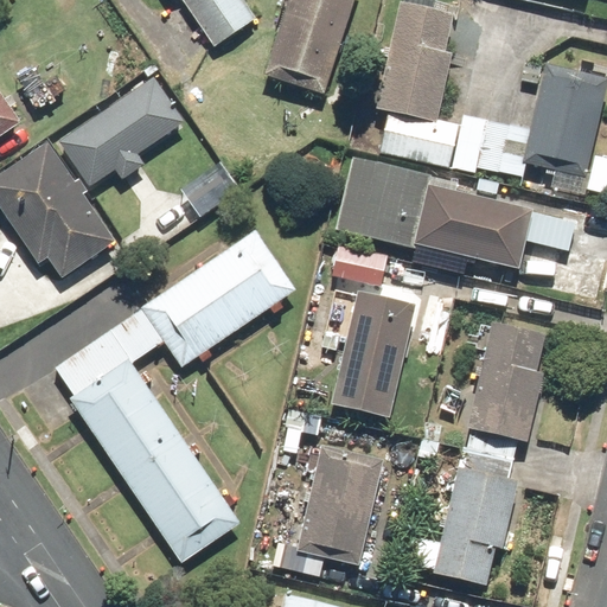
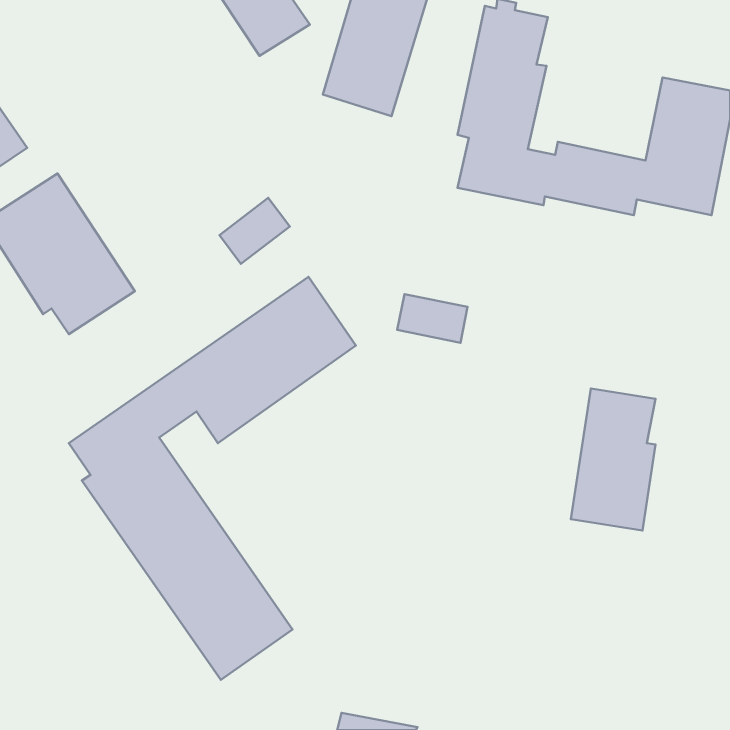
building: [57,78,183,186] -> none
building: [334,156,573,267] -> none
building: [334,289,414,414] -> none
building: [433,432,518,583] -> none
building: [296,445,381,564] -> none

